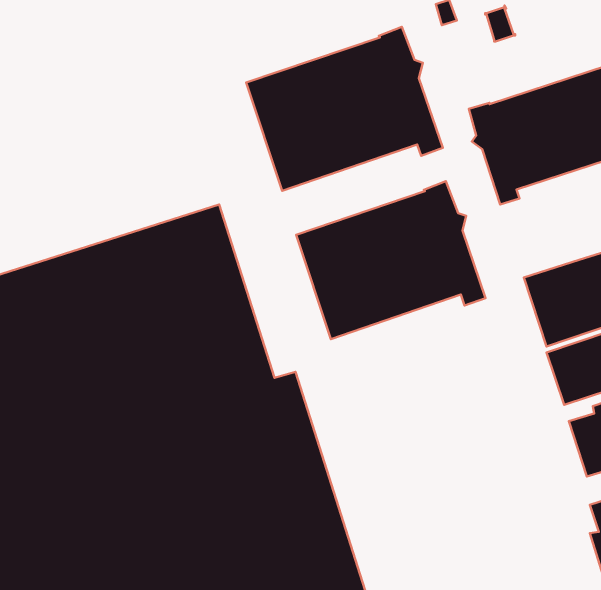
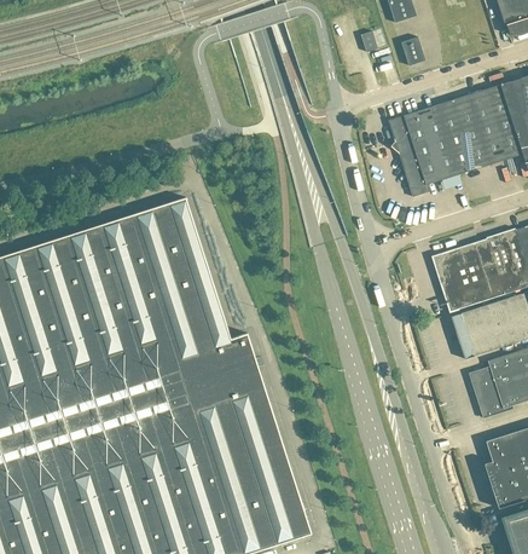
building: [246,27,443,191] -> none
building: [296,181,485,339] -> none

